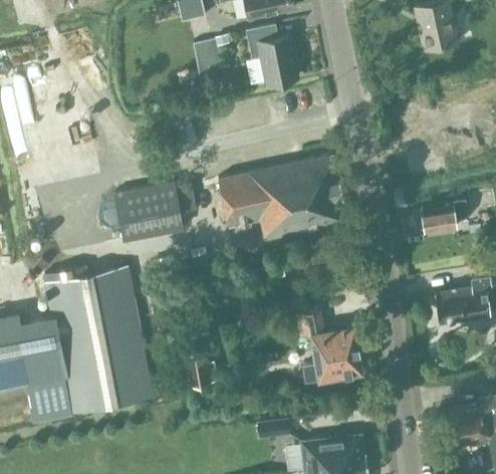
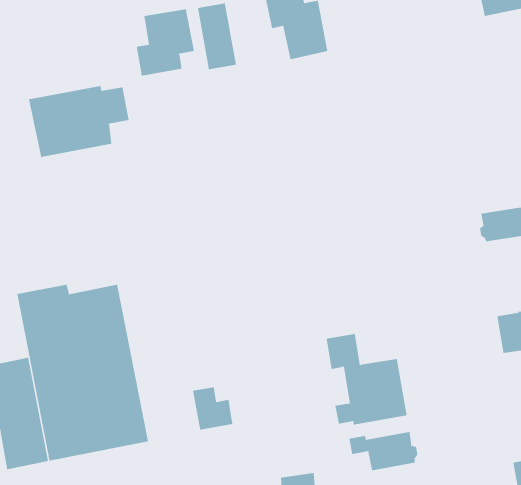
building: none -> [136,9,194,77]
building: [218,156,346,240] -> none
building: [113,183,196,241] -> [28,85,129,157]
building: none -> [349,431,418,471]

